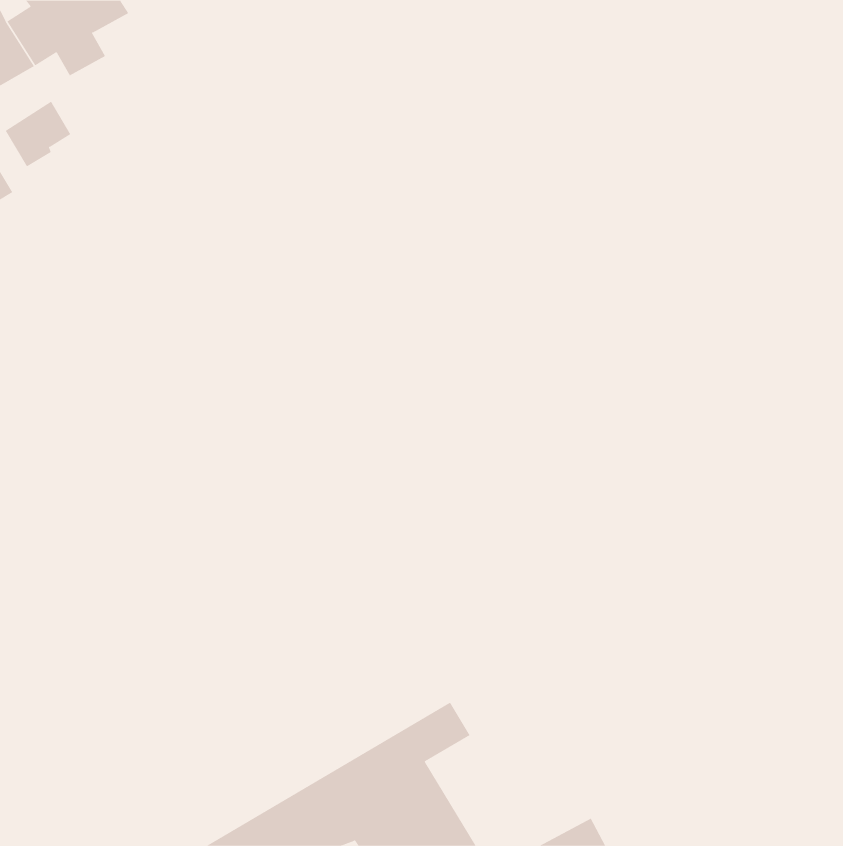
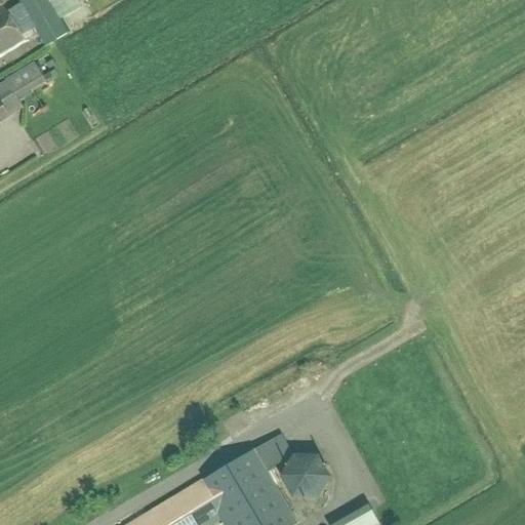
building: none -> [279,457,329,500]

